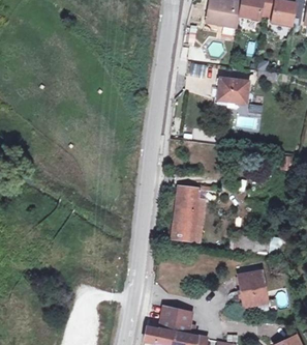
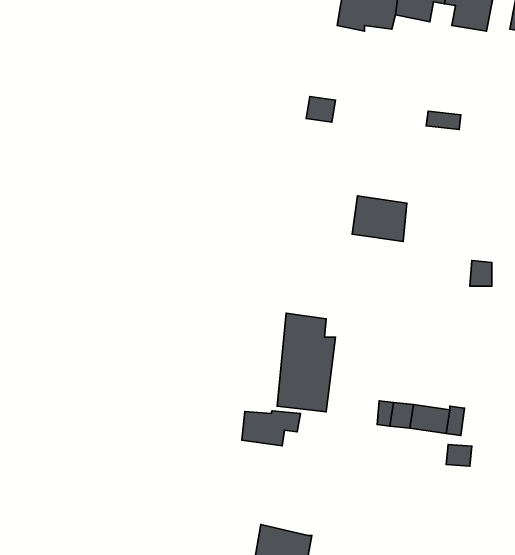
building: [217,78,248,104] -> [352,196,407,241]
building: none -> [242,411,300,446]
building: [238,270,268,307] -> none

